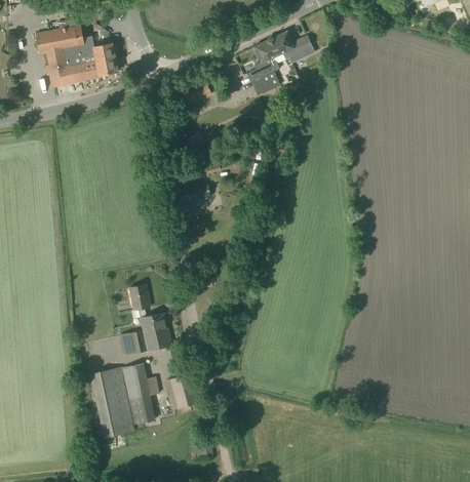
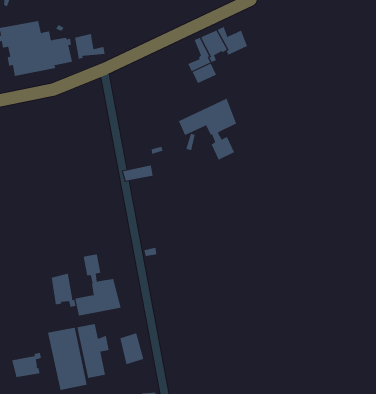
building: none -> [75,33,105,60]
building: none -> [178,98,237,160]
building: none -> [51,273,76,308]
building: none -> [12,352,41,378]

